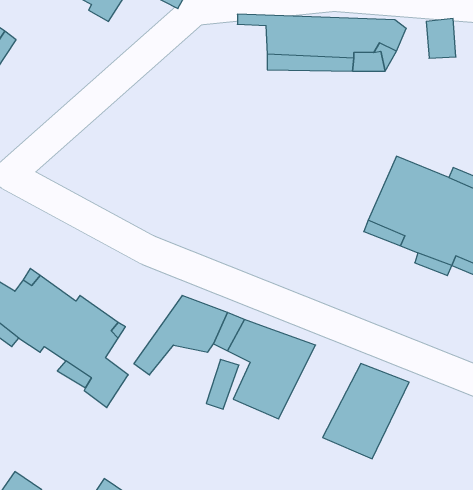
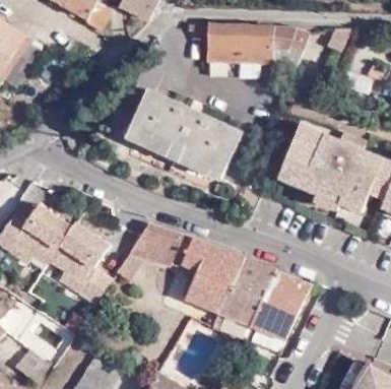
building: none -> [129,93,241,183]
building: none -> [218,259,277,325]

